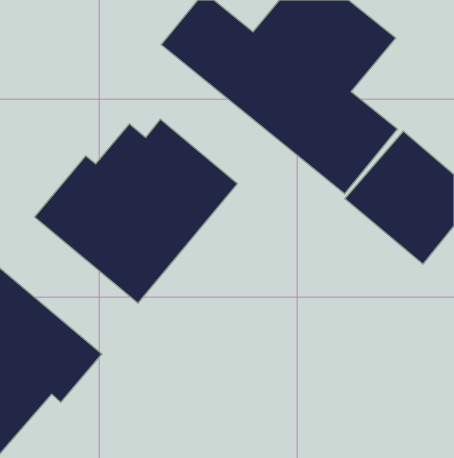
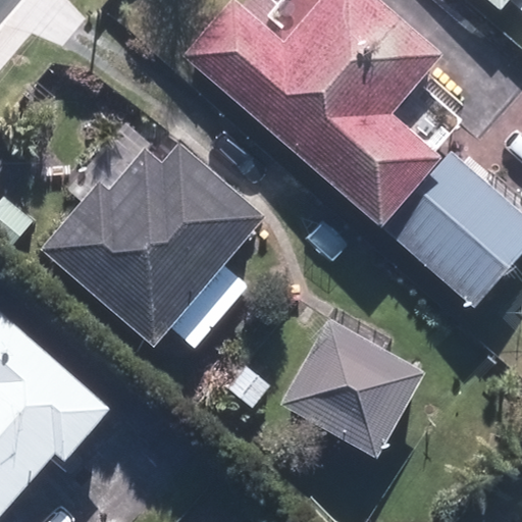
building: none -> [281,319,425,456]

